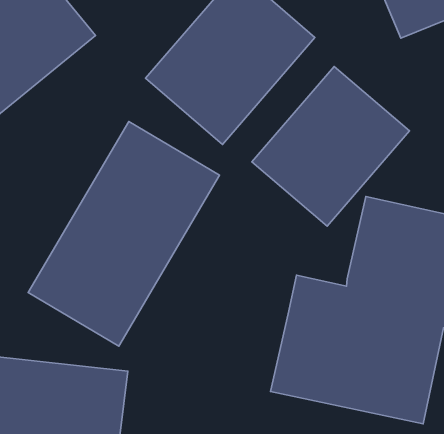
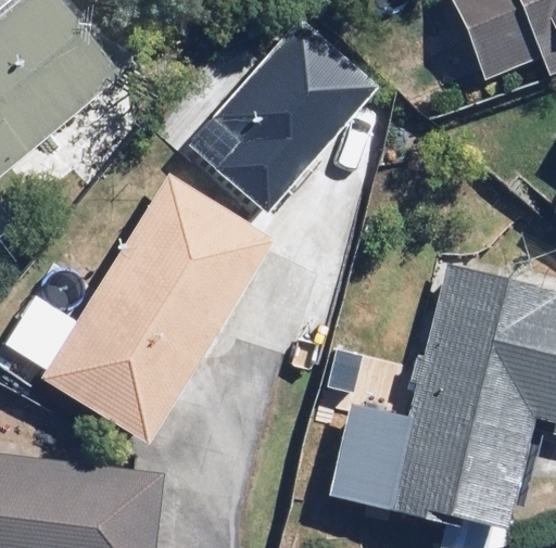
building: [252,66,409,226] -> none

